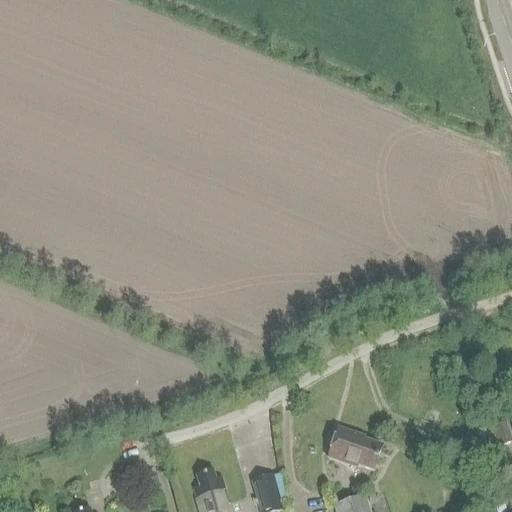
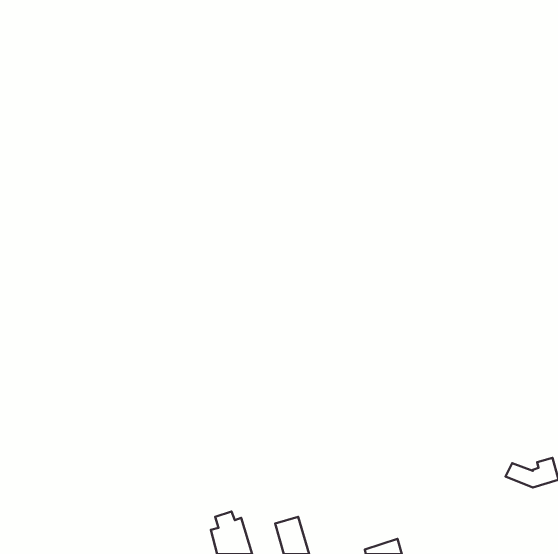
building: [328,426,382,468] -> none

